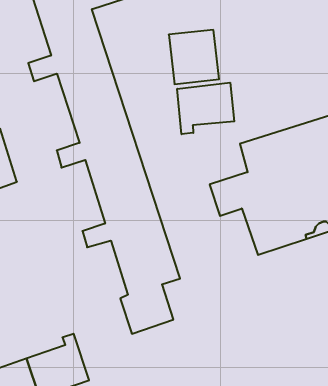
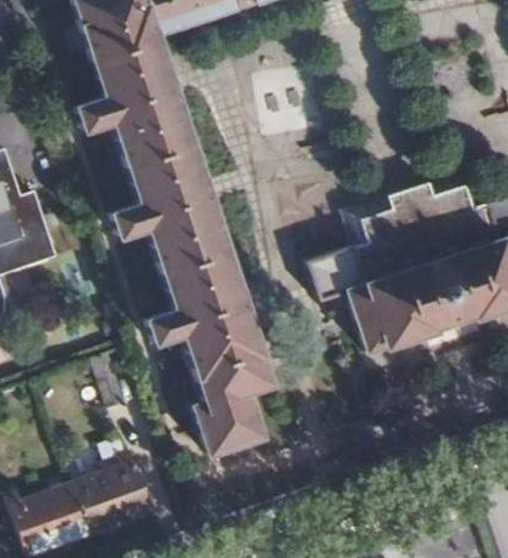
building: [177,83,234,134] -> none

